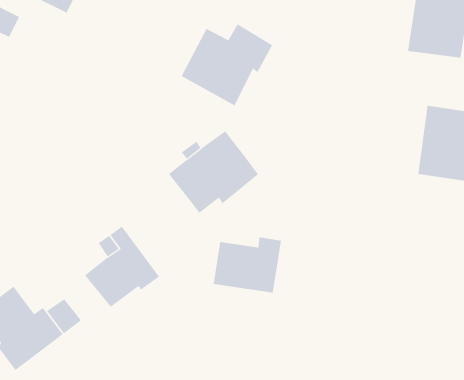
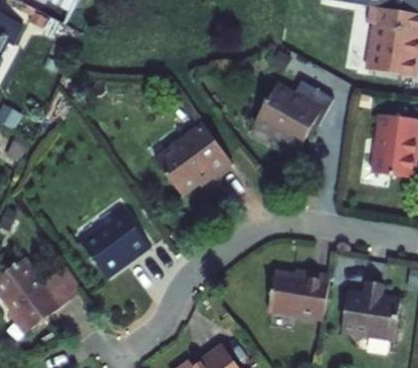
building: [181,23,273,106] -> [253,69,334,141]
building: [213,237,282,293] -> [270,268,331,317]
building: none -> [343,276,401,336]

